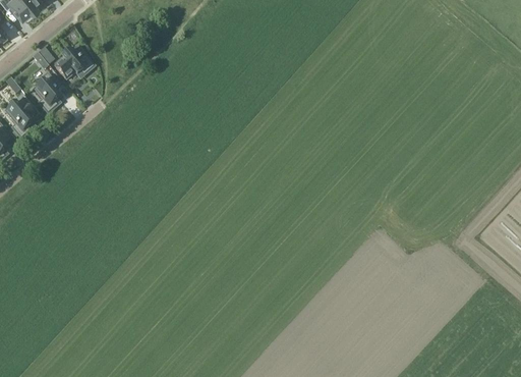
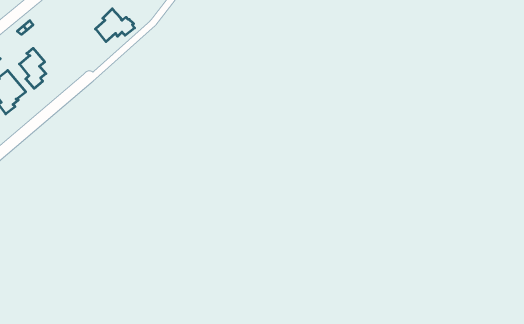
building: [56,50,94,82] -> [95,9,135,42]

